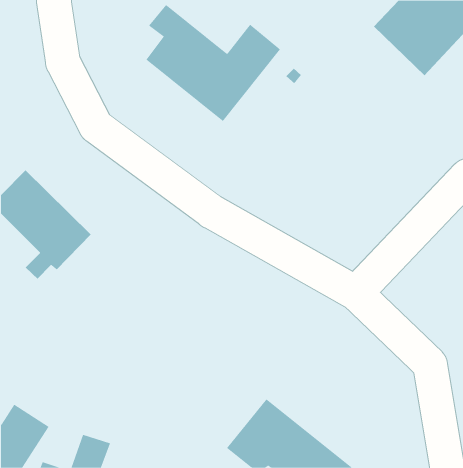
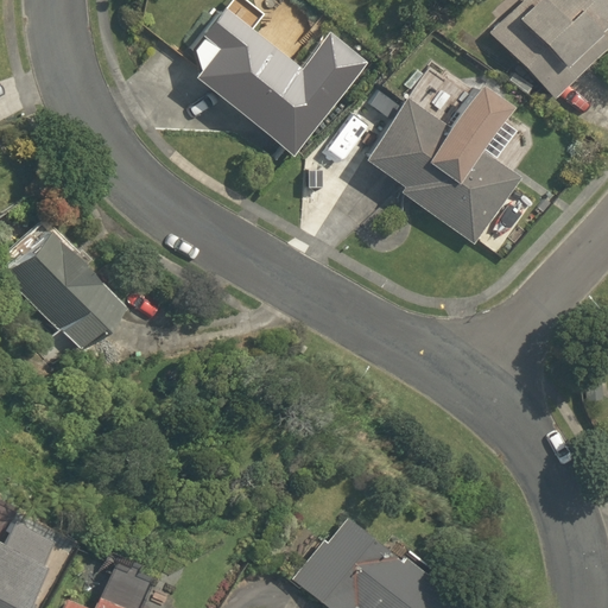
building: none -> [363,88,521,245]

